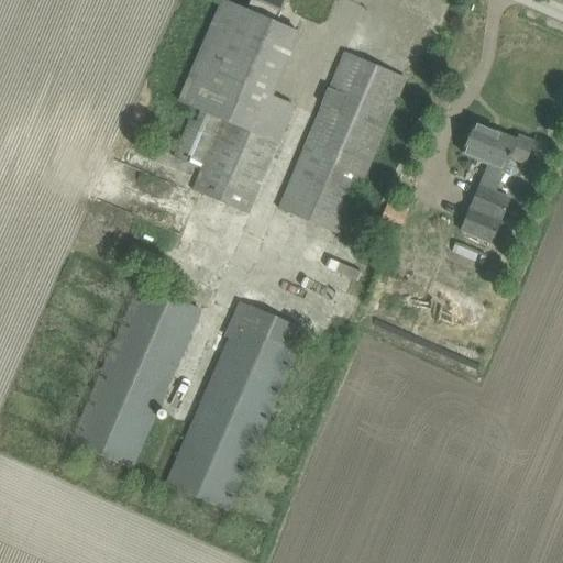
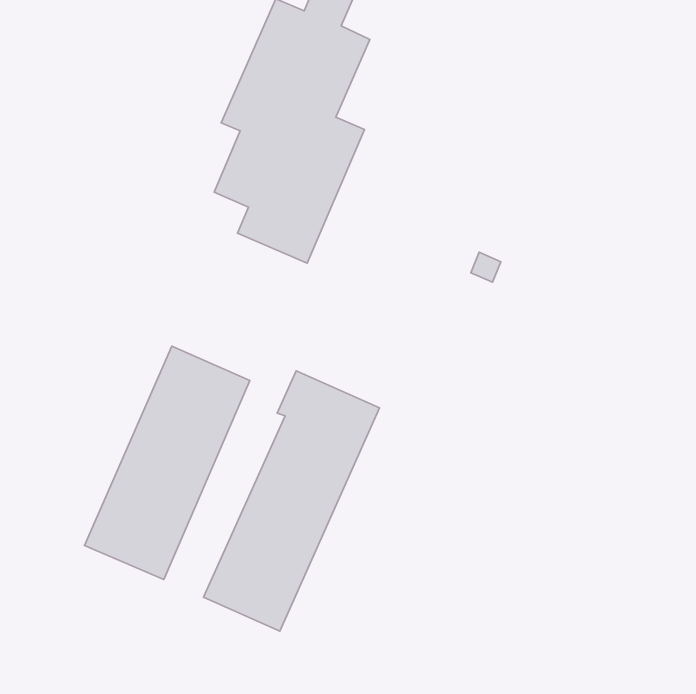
building: [277,52,406,231] -> none
building: [460,121,533,242] -> none

